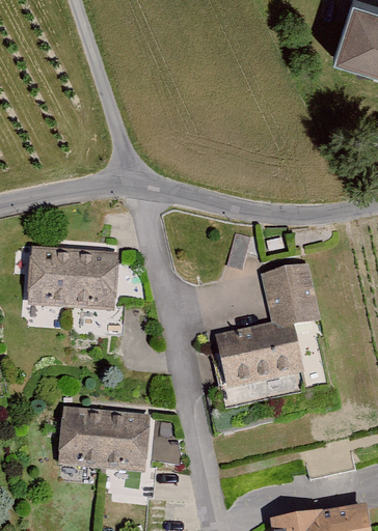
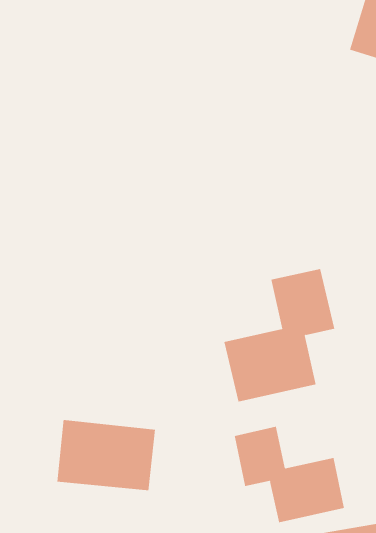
building: [28,249,118,314] -> none
building: none -> [234,426,344,523]

